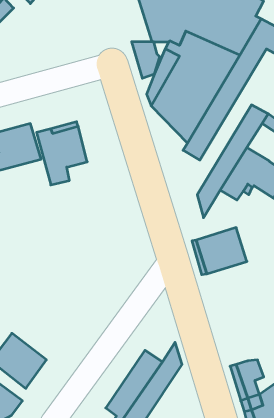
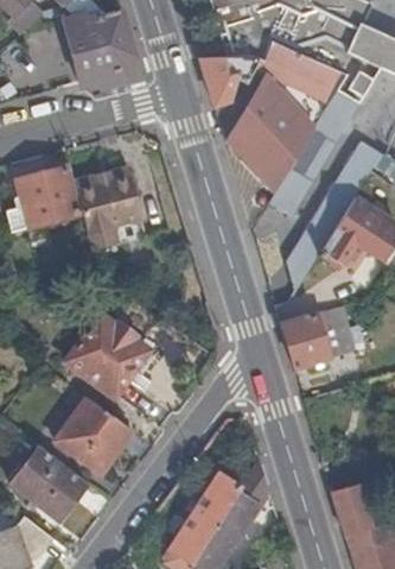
building: none -> [62,10,134,83]
building: none -> [65,315,148,397]
building: none -> [55,398,132,475]

